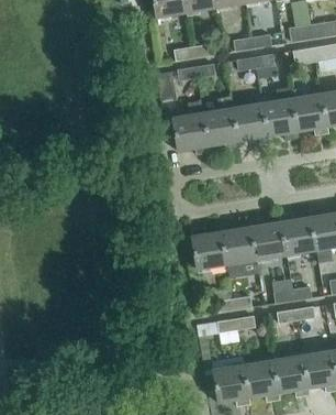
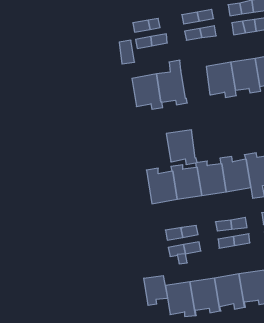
building: [232,103,269,145] -> [166,130,197,164]
building: none -> [144,276,167,305]

